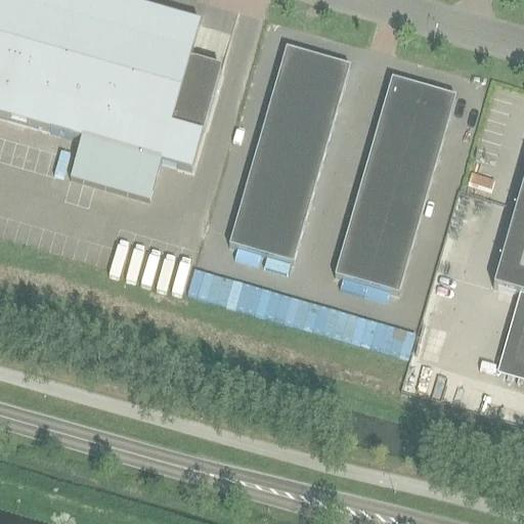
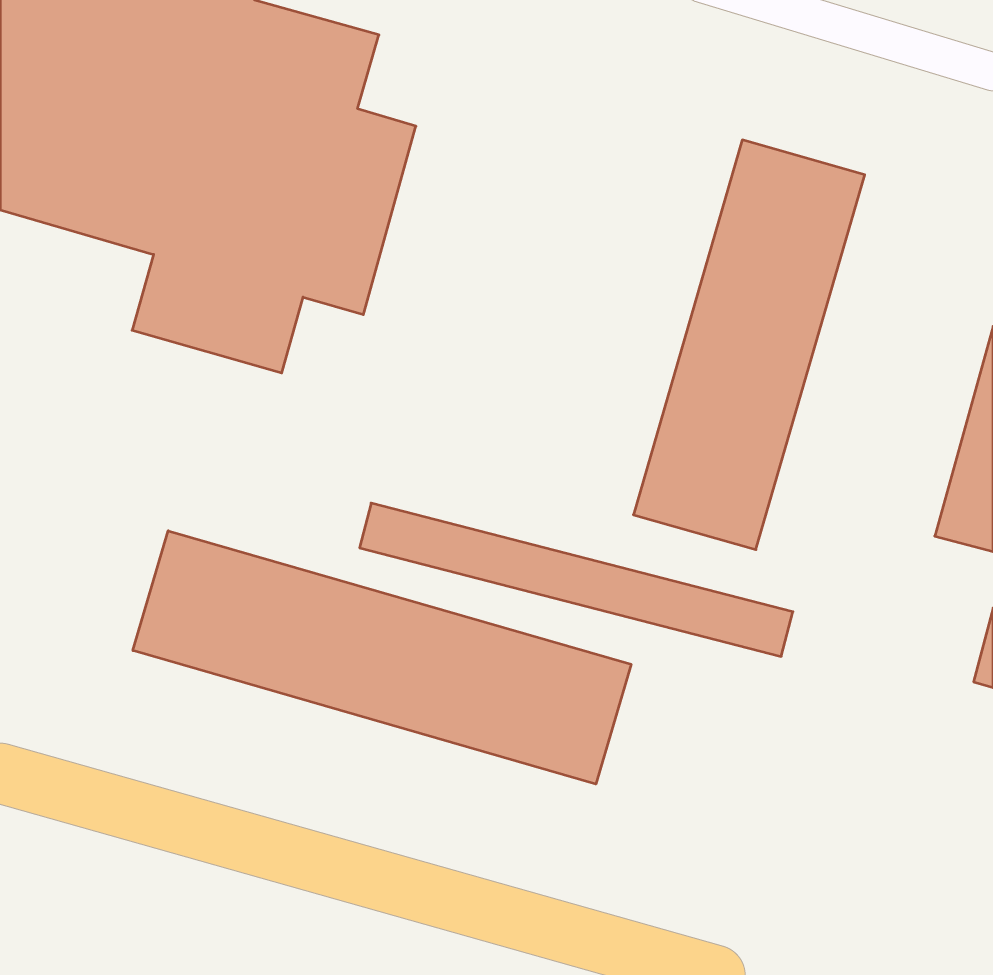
building: [228,43,350,260] -> none
building: none -> [133,531,631,784]

